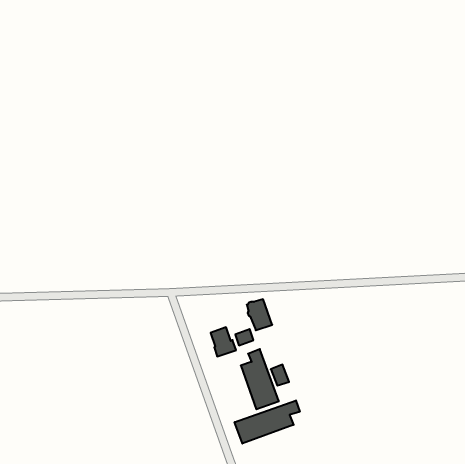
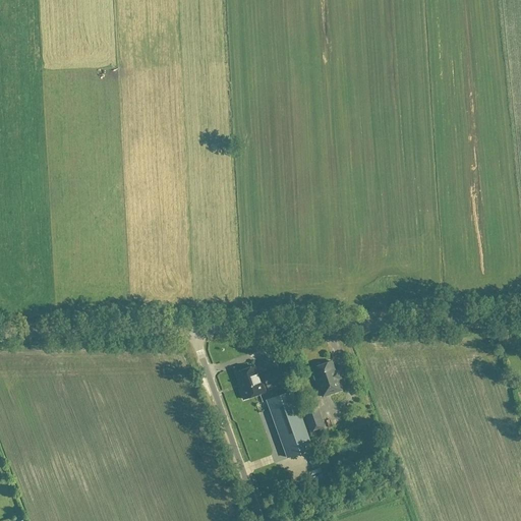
building: [247,299,272,330] -> [312,361,341,396]
building: [235,400,300,444] -> none

